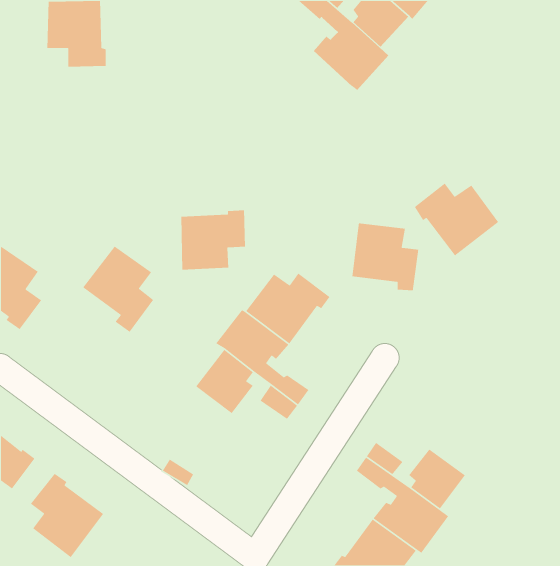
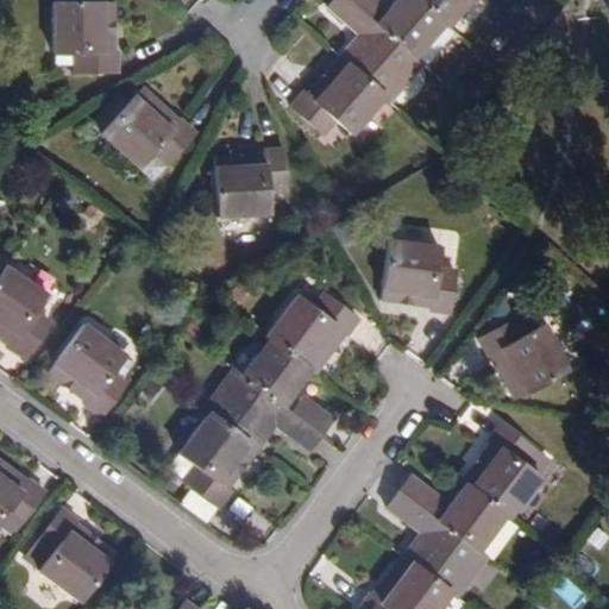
building: none -> [293,55,384,131]
building: none -> [101,92,196,182]
building: [414,182,499,257] -> [473,314,565,394]
building: [181,210,246,270] -> [218,151,288,216]
building: [82,245,154,333] -> [49,325,126,419]
building: none -> [180,412,259,504]
building: none -> [463,423,542,514]

